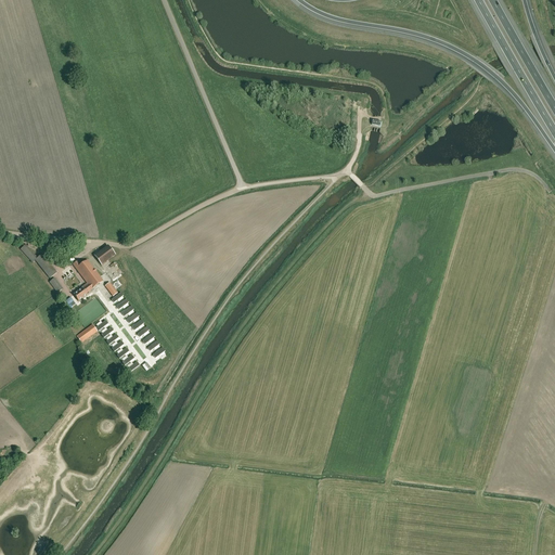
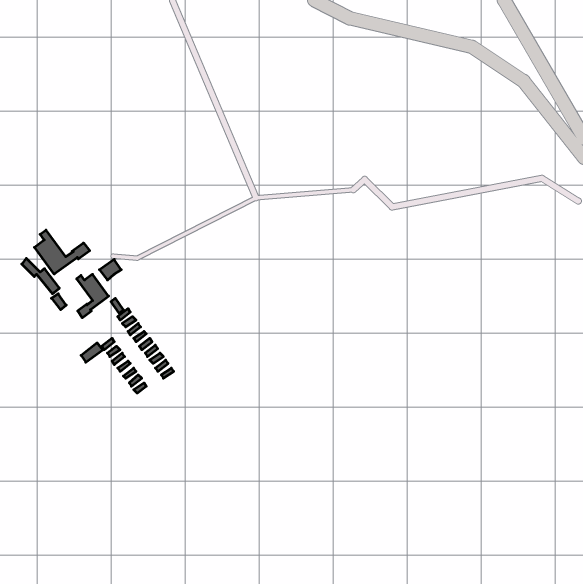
building: none -> [34,230,90,274]

